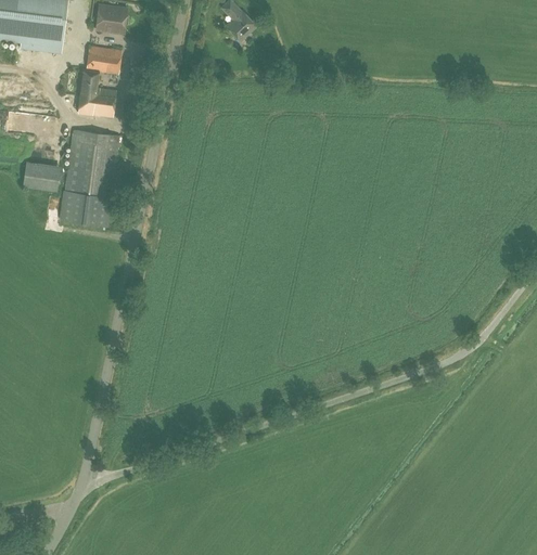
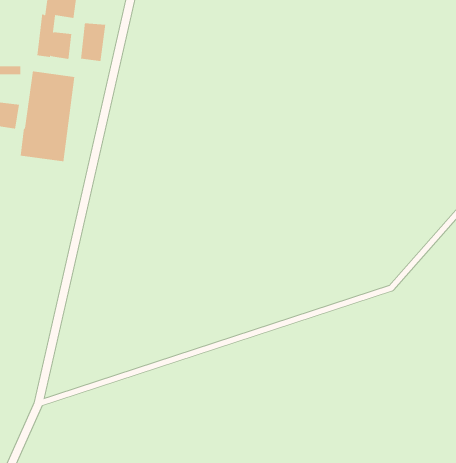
building: none -> [80,22,106,62]

